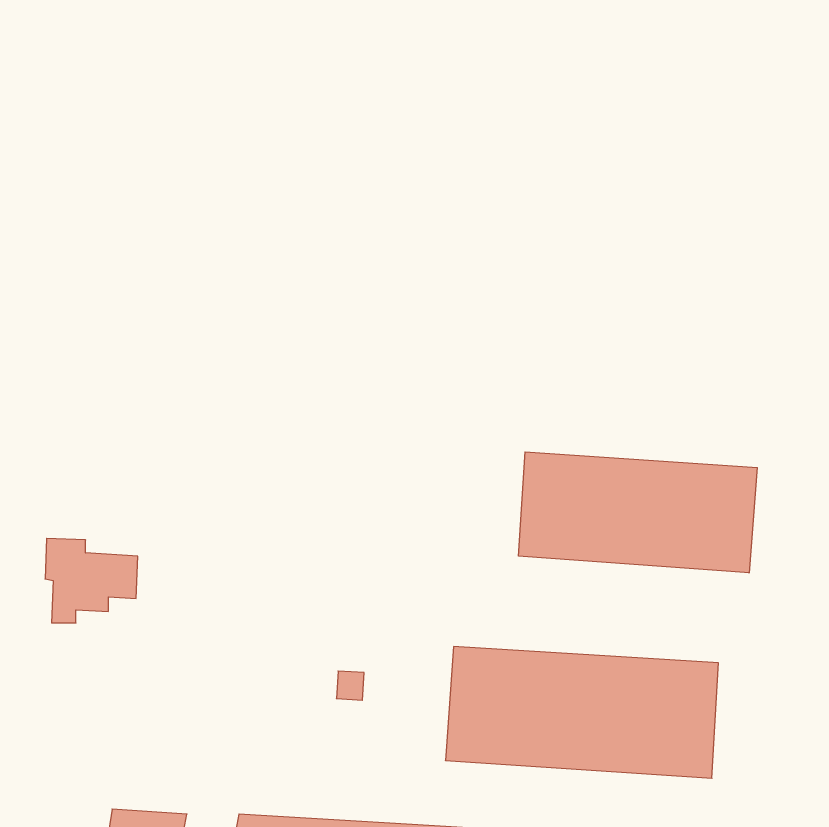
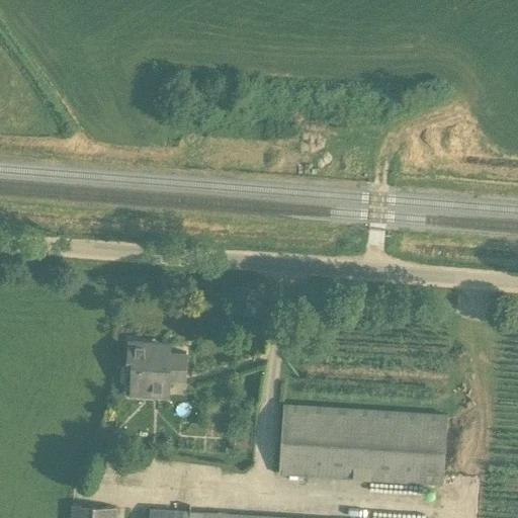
building: [519,452,757,573] -> none
building: [45,538,138,623] -> [127,343,185,396]

